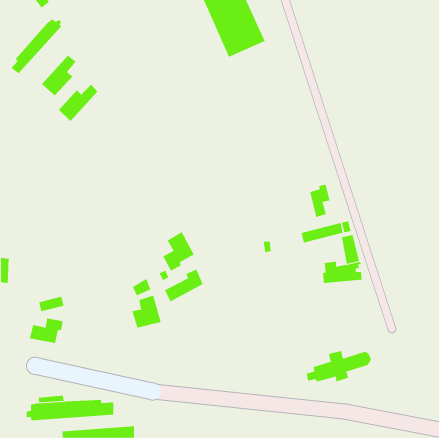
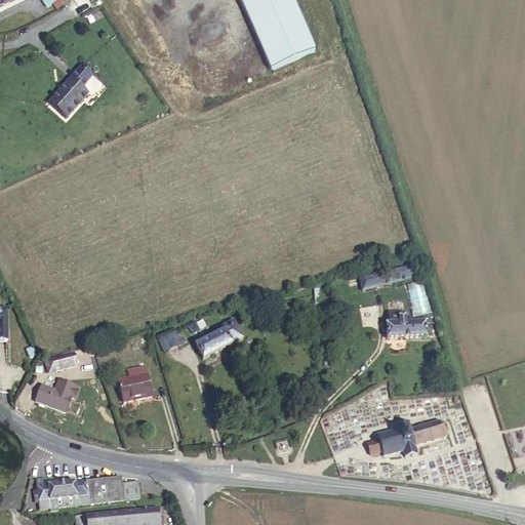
building: [11,18,62,74] -> none
building: [58,84,98,122] -> none
building: [310,184,330,218] -> none
building: [163,231,194,271] -> none
building: [132,295,162,328] -> [117,363,153,403]

